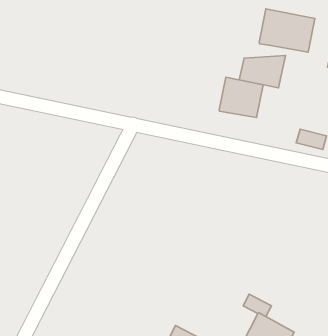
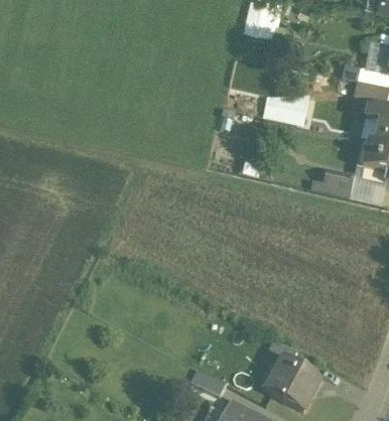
building: [259,9,315,52] -> none
building: [219,77,263,117] -> none

